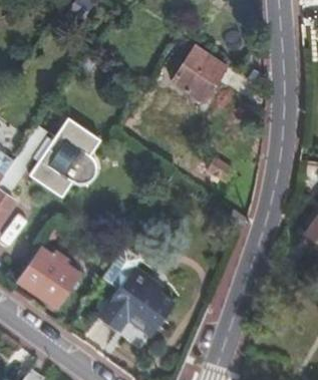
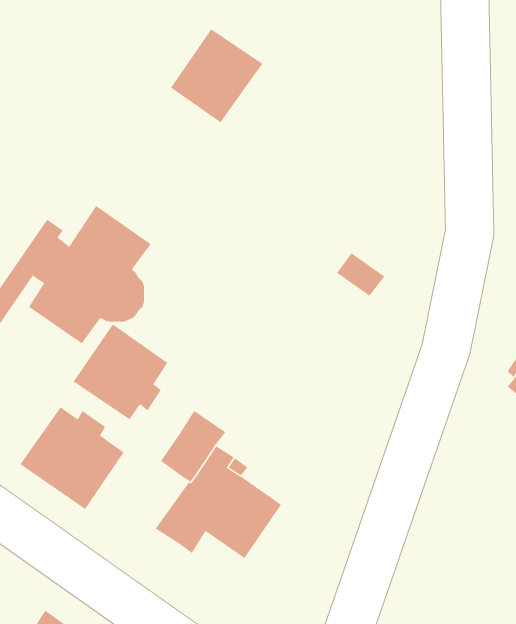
building: [171,42,226,98] -> [170,28,263,123]
building: none -> [73,323,168,420]

